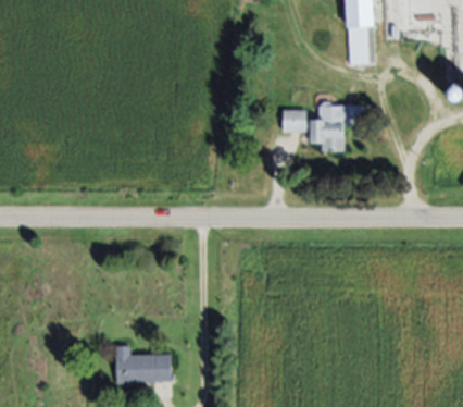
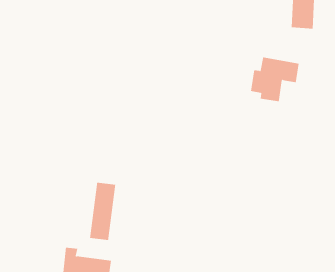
building: [281,110,305,133] -> none
building: none -> [89,182,116,241]

